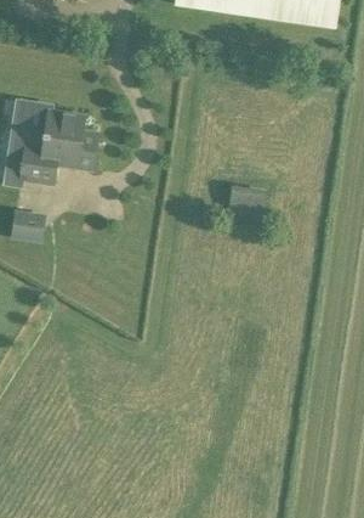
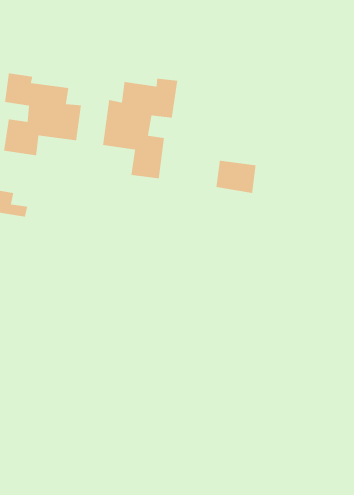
building: none -> [102,78,178,179]

